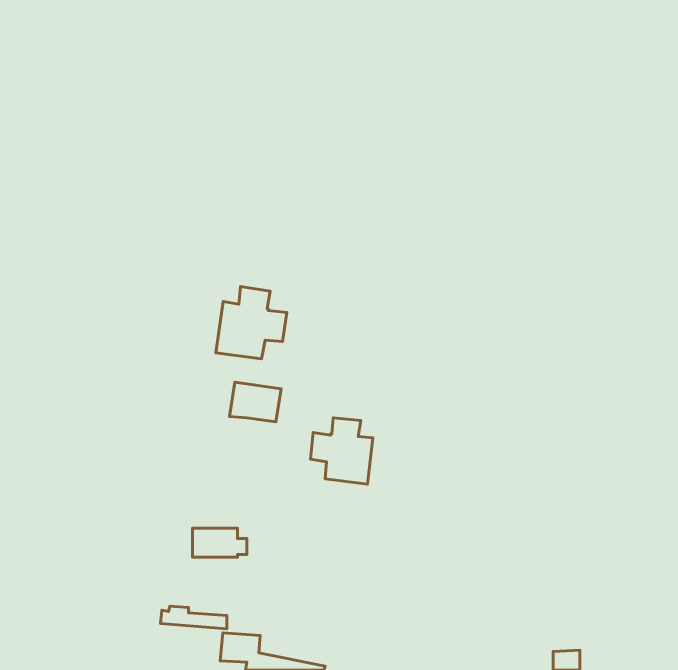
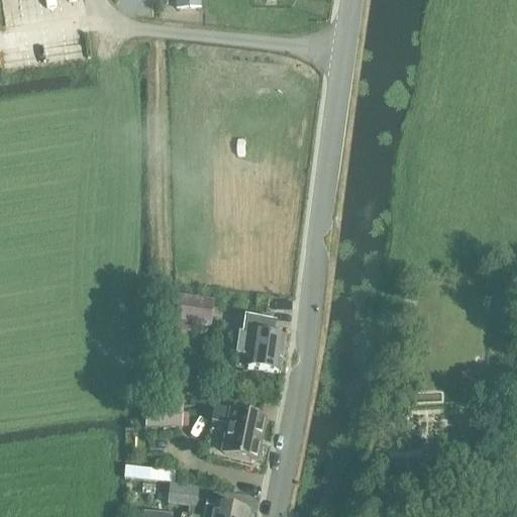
building: [216,286,287,359] -> none
building: none -> [210,405,266,457]

